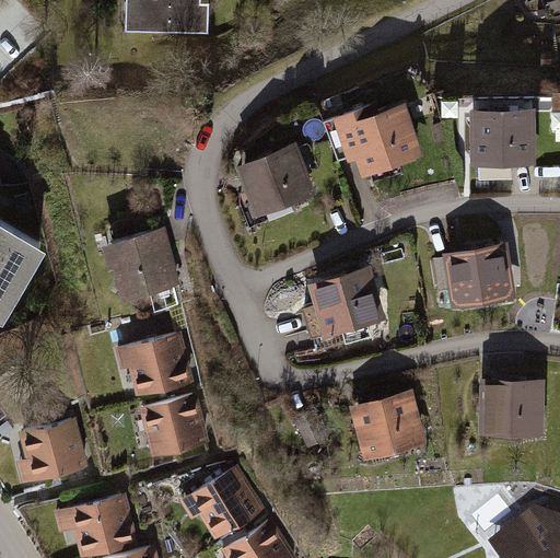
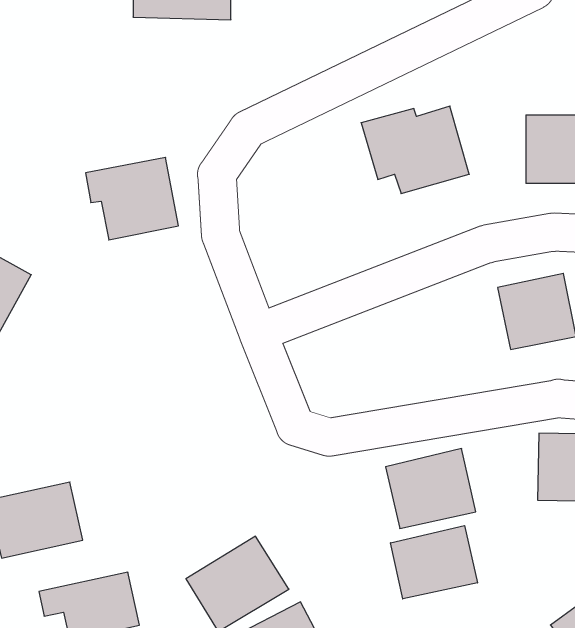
building: [231,142,314,219] -> none
building: [98,230,177,300] -> [86,157,178,240]
building: [304,261,386,337] -> none
building: [118,335,196,396] -> none
building: [138,396,210,460] -> none
building: none -> [391,526,477,599]

